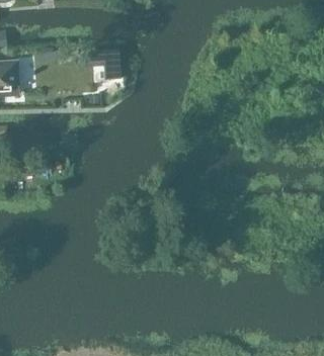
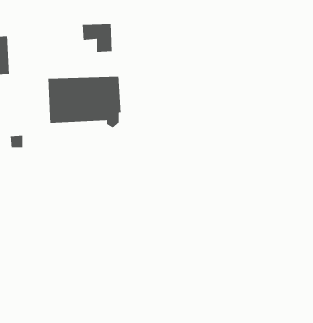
building: none -> [48,76,121,128]

